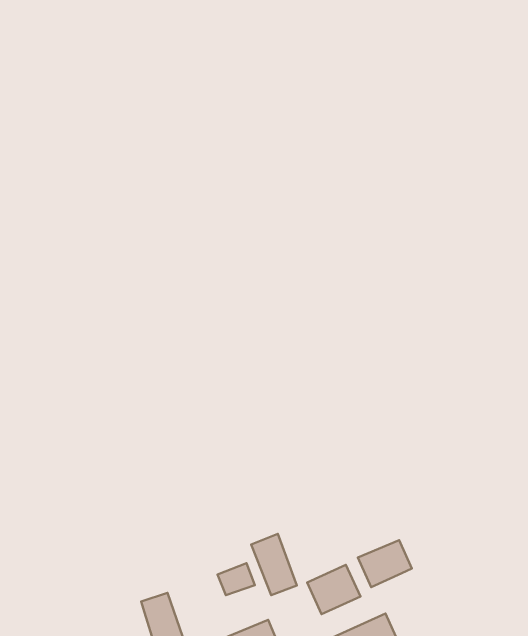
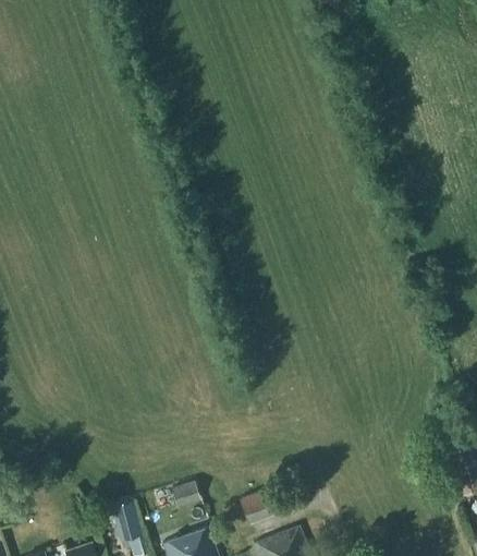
building: [251,534,297,595] -> none
building: [358,540,412,587] -> none

